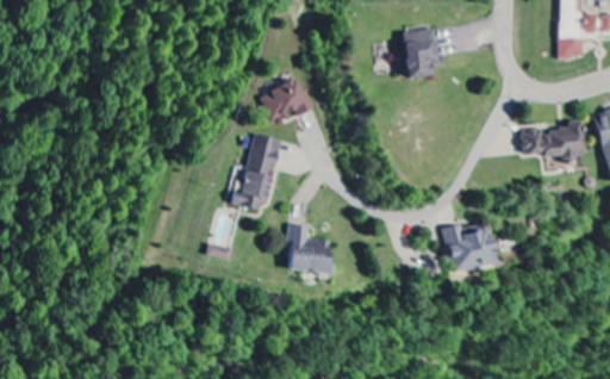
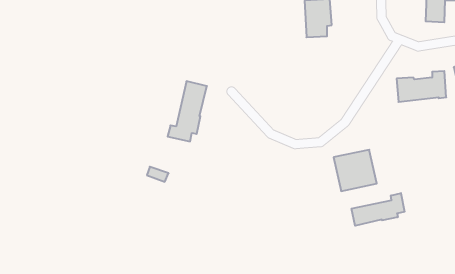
building: [259,77,312,123] -> none
building: [287,224,334,273] -> none
building: none -> [352,193,405,226]

